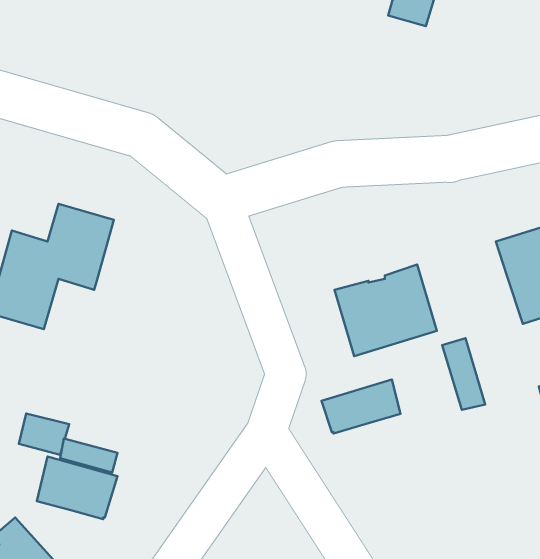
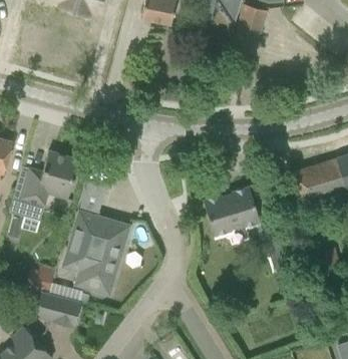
building: none -> [64,178,129,295]
building: [321,379,400,433] -> none

